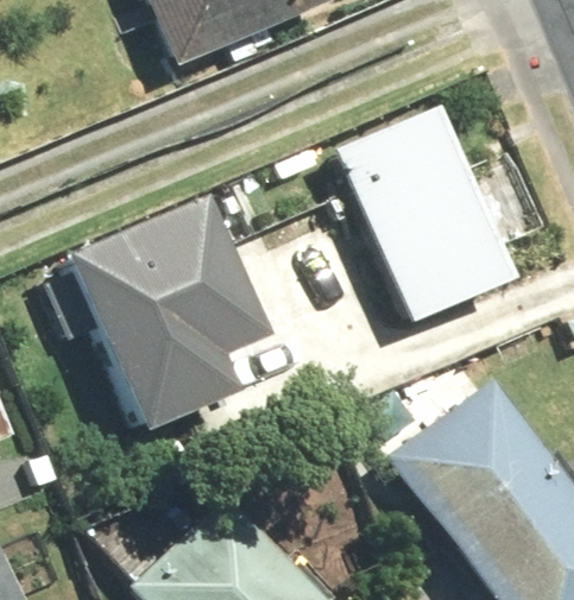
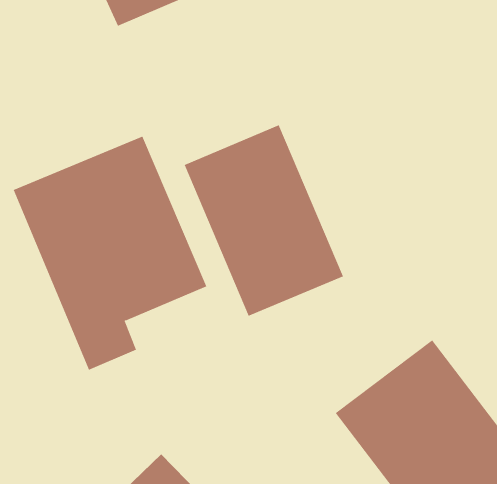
building: [341,105,506,303] -> [184,124,344,317]

